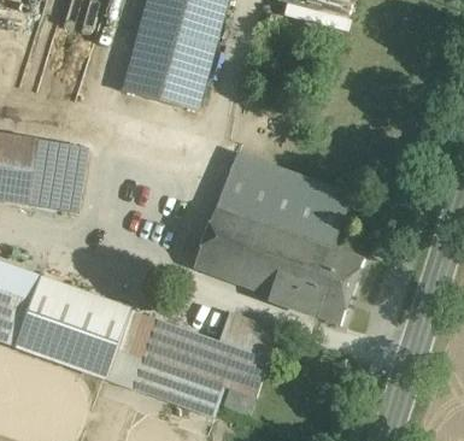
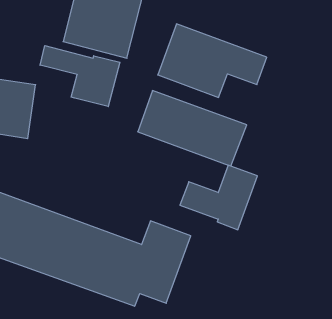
building: none -> [40,46,120,107]
building: [192,202,325,293] -> [158,24,267,97]

